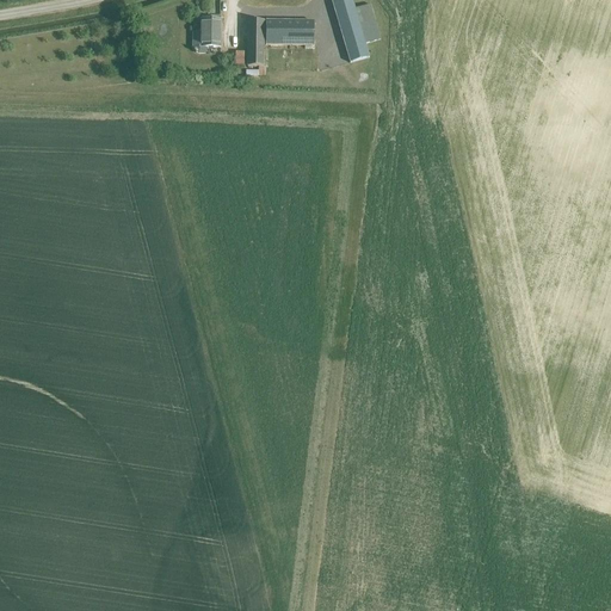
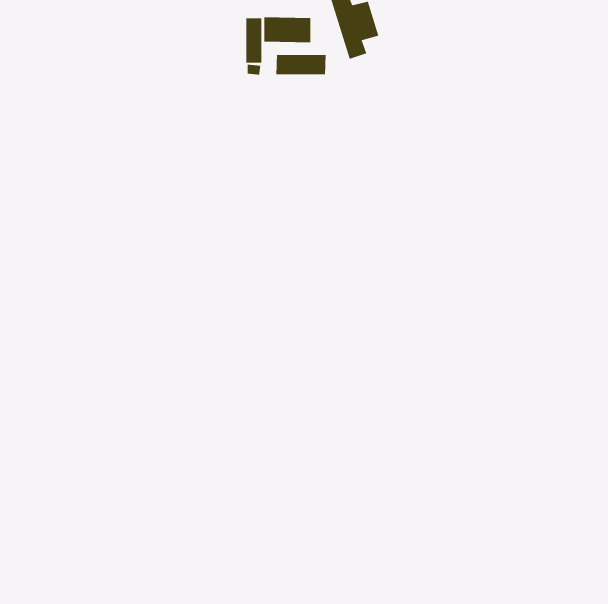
building: [199,13,220,44] -> none
building: none -> [276,54,326,75]

